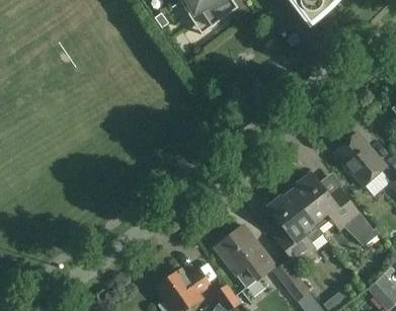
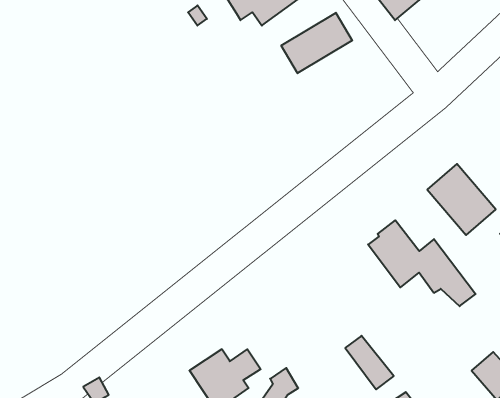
building: none -> [281,13,352,73]
building: [267,192,323,264] -> none
building: [214,226,273,288] -> none

